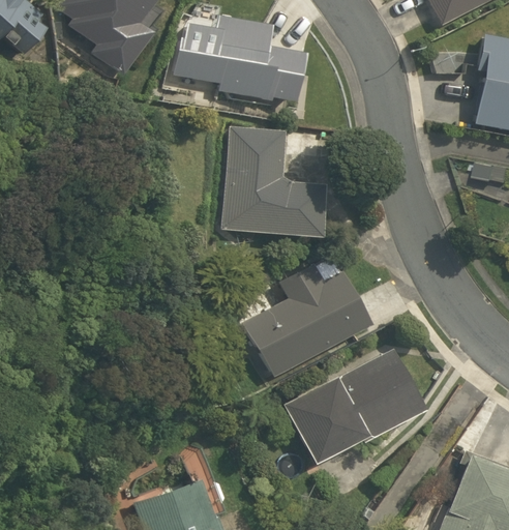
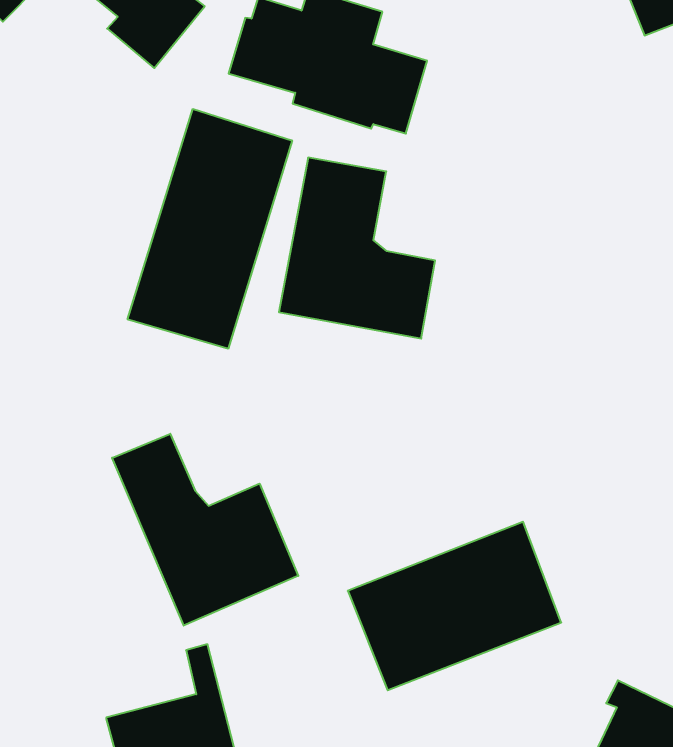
building: none -> [128,109,292,349]
building: [243,257,369,378] -> none
building: none -> [112,434,298,626]

